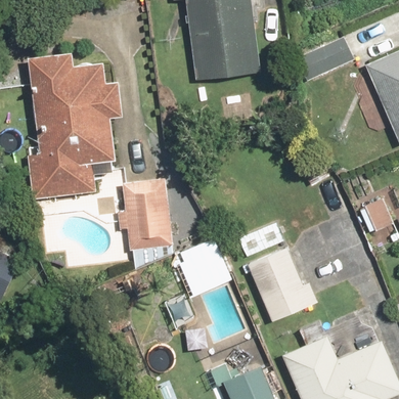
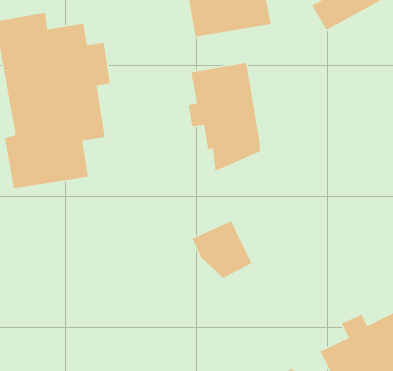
building: [115,177,174,268] -> [188,62,261,172]
building: [249,249,317,323] -> none

